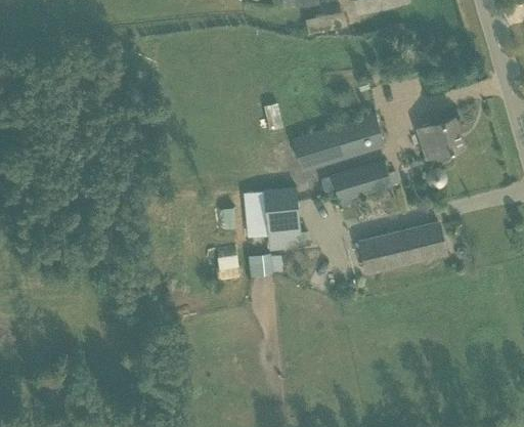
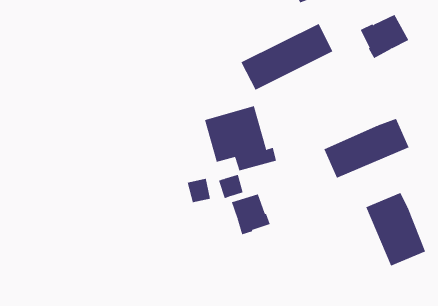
building: [319,160,393,203] -> none
building: none -> [231,194,270,235]
building: none -> [365,192,426,267]

